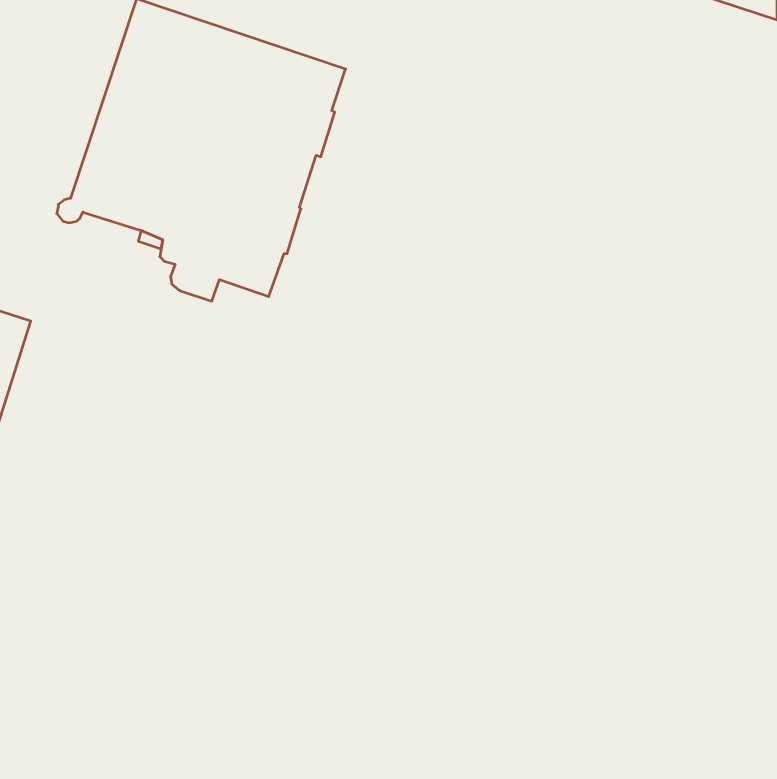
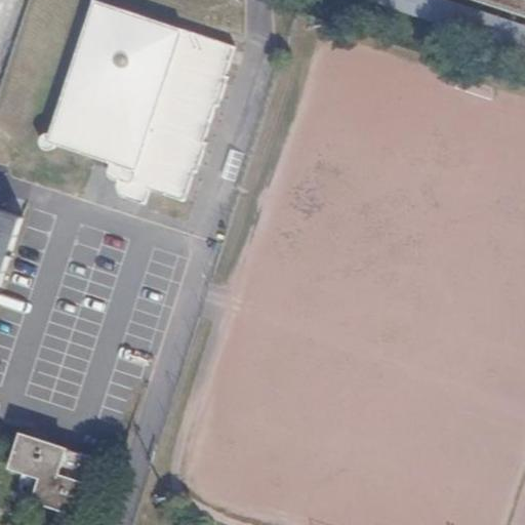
building: none -> [9,432,98,514]

